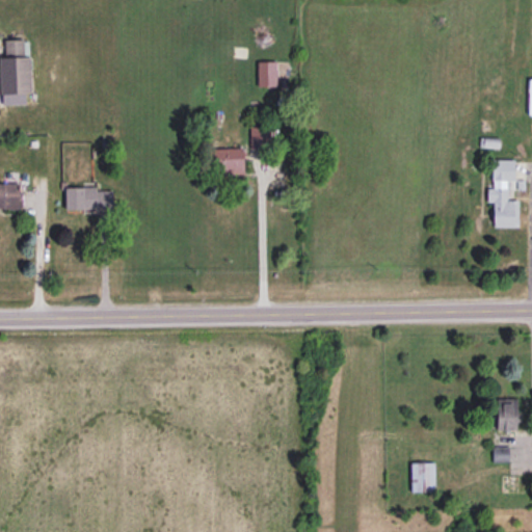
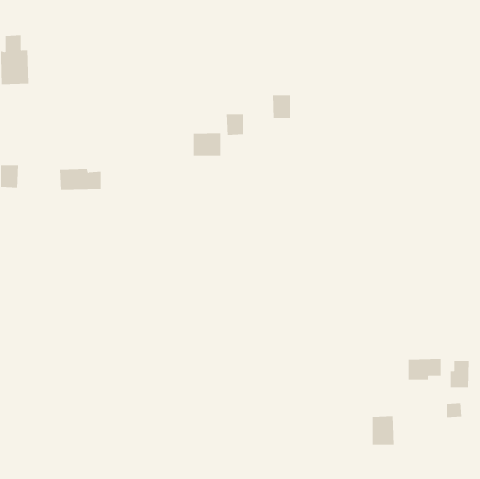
building: [258,62,278,88] -> [272,95,291,118]
building: [487,161,518,229] -> none
building: none -> [408,358,441,381]

